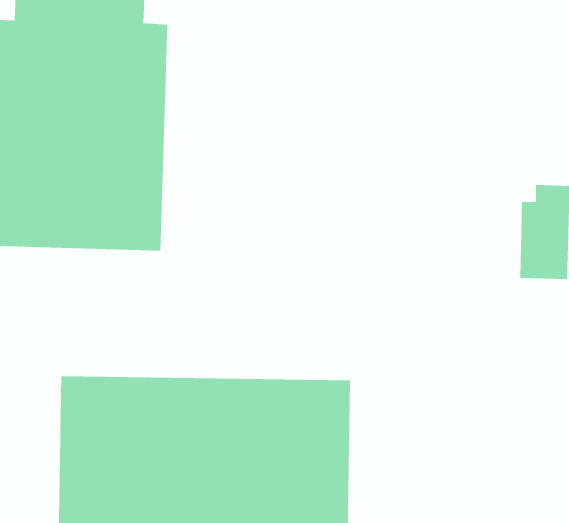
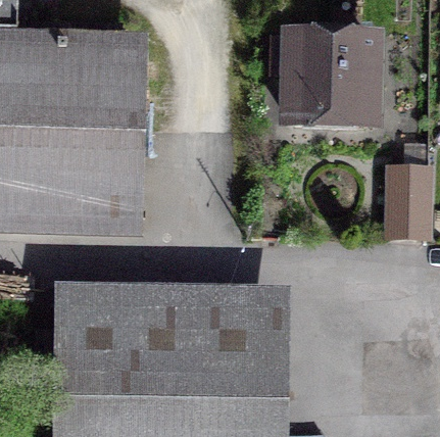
building: none -> [274,29,372,108]

